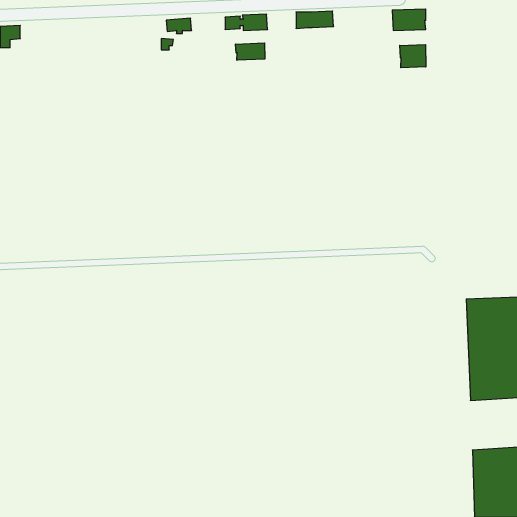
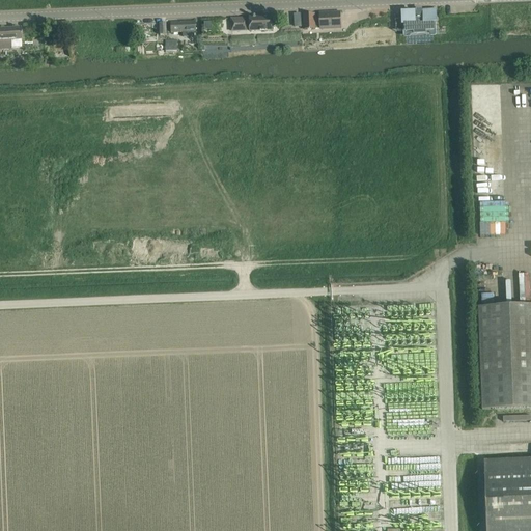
building: [236,43,265,60] -> none
building: [400,45,426,68] -> none

